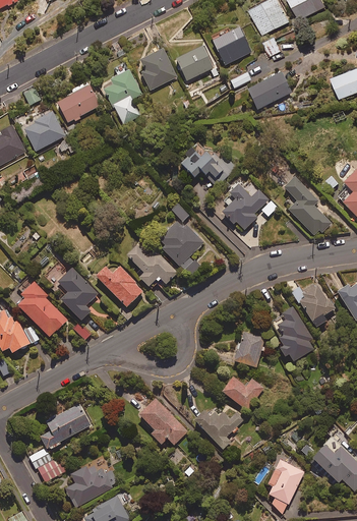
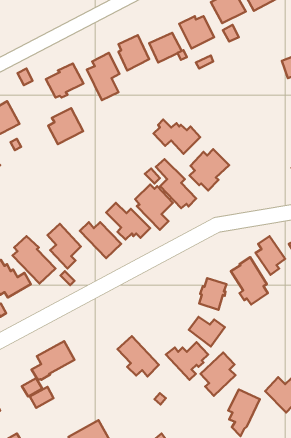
building: [247,69,291,109] -> none
building: [24,109,65,151] -> [48,108,83,144]
building: [284,177,331,234] -> [156,159,196,208]
building: none -> [200,353,236,396]
building: [65,466,119,507] -> none

